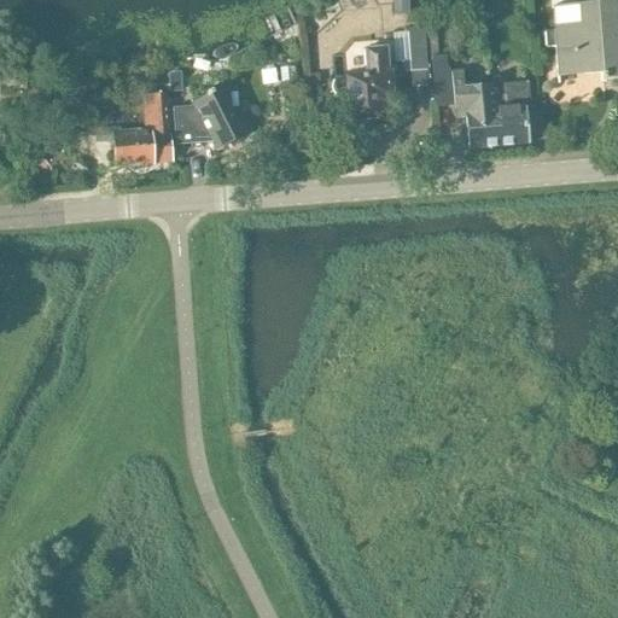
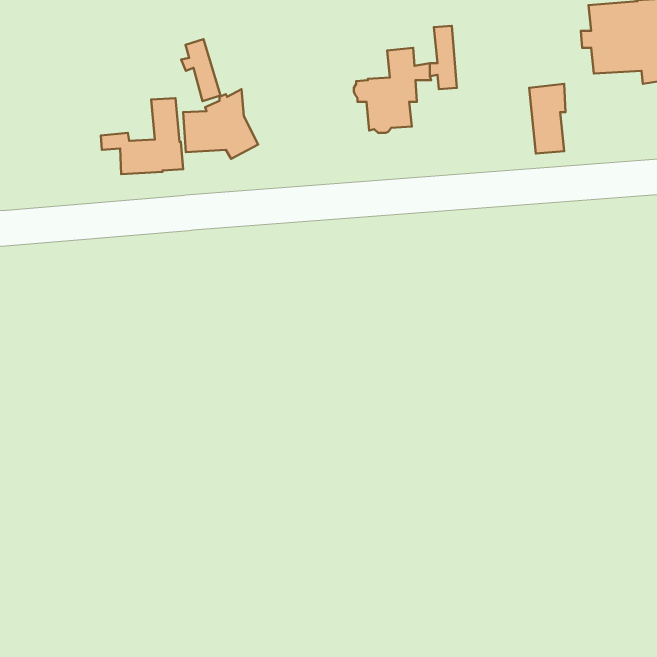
building: none -> [181,39,221,101]
building: [432,54,503,147] -> none

